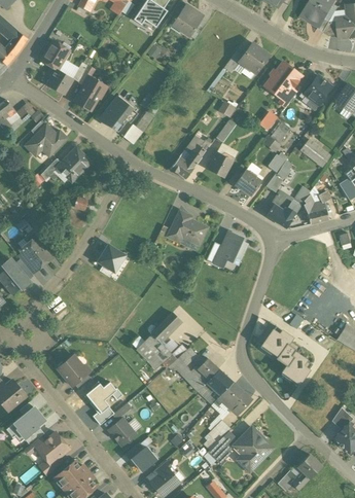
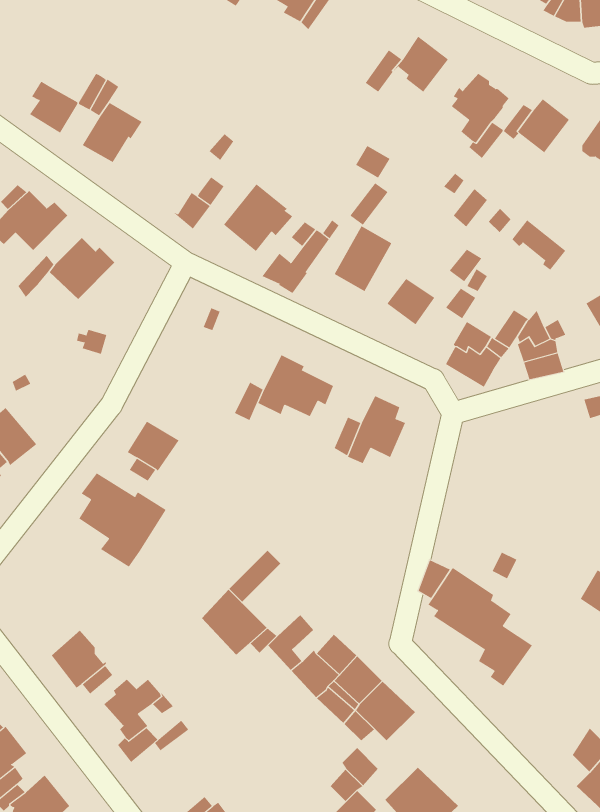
building: [41,40,69,69] -> none
building: [101,95,138,131] -> [223,183,293,252]
building: none -> [79,472,166,567]
building: [107,417,136,447] -> none

